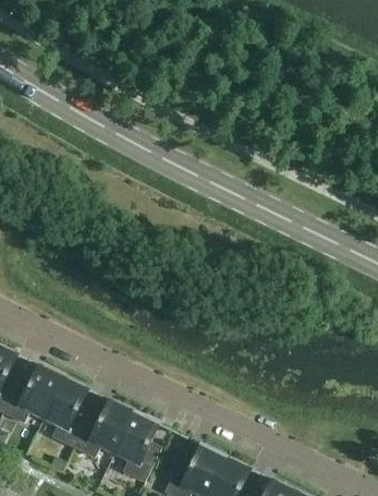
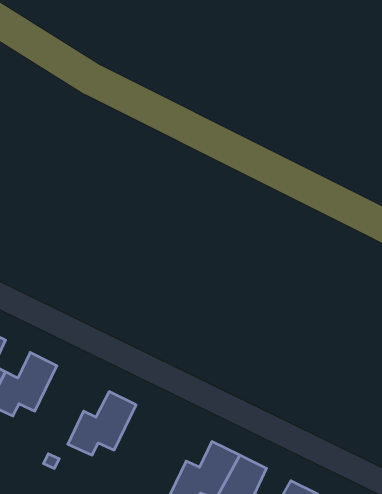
building: [44,378,88,448] -> none
building: [114,413,159,483] -> none

